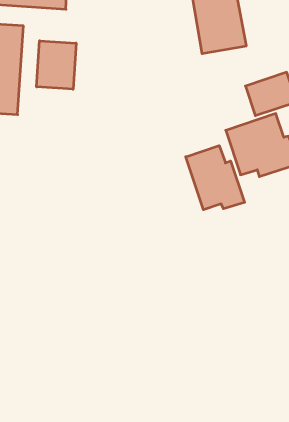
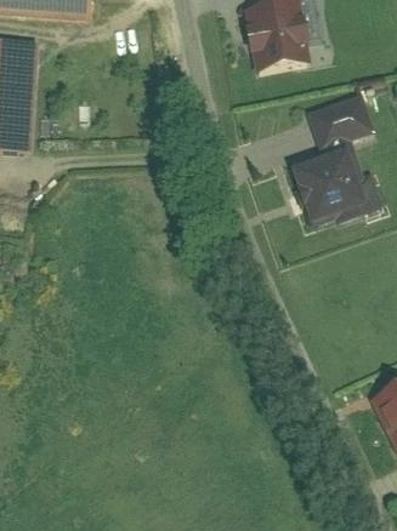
building: [37,41,76,89] -> none
building: [186,146,245,210] -> none

